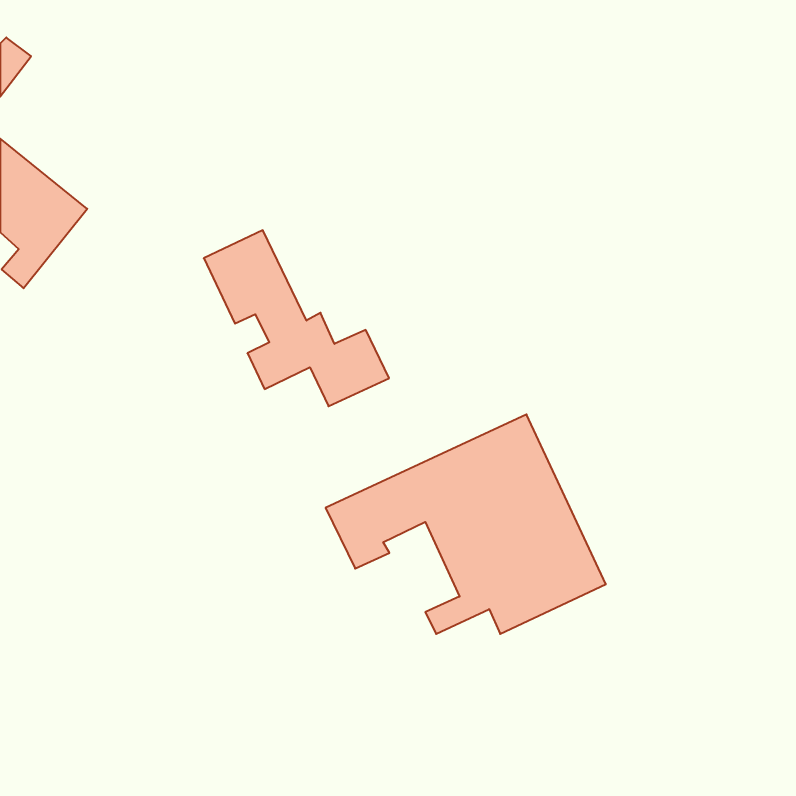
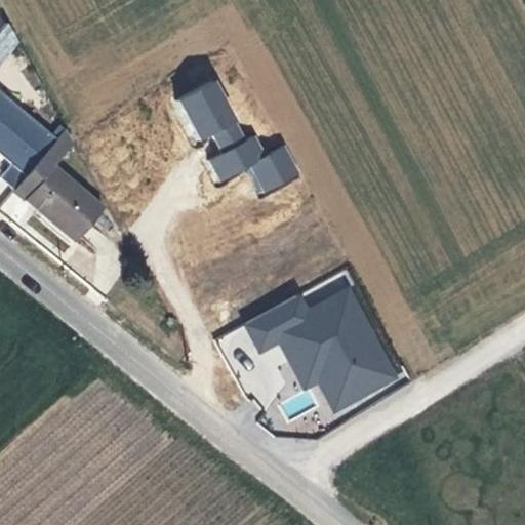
building: none -> [15,127,104,241]
building: [204,230,389,406] -> [178,79,300,195]

